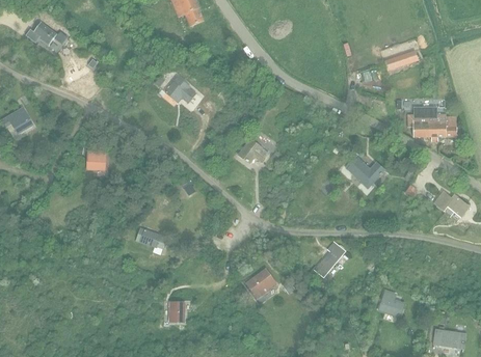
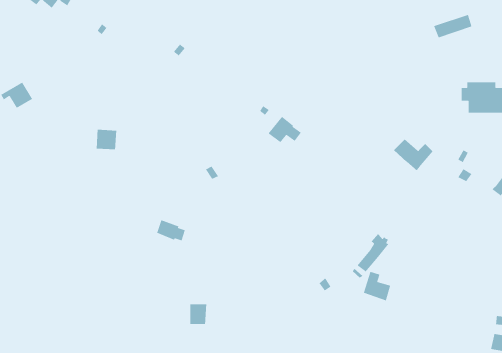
building: [165,76,196,103] -> none
building: [249,269,277,296] -> none
building: [379,291,404,318] -> [363,271,391,302]

